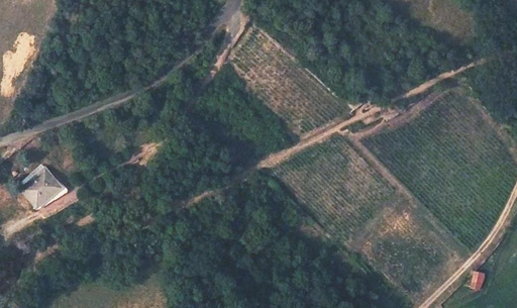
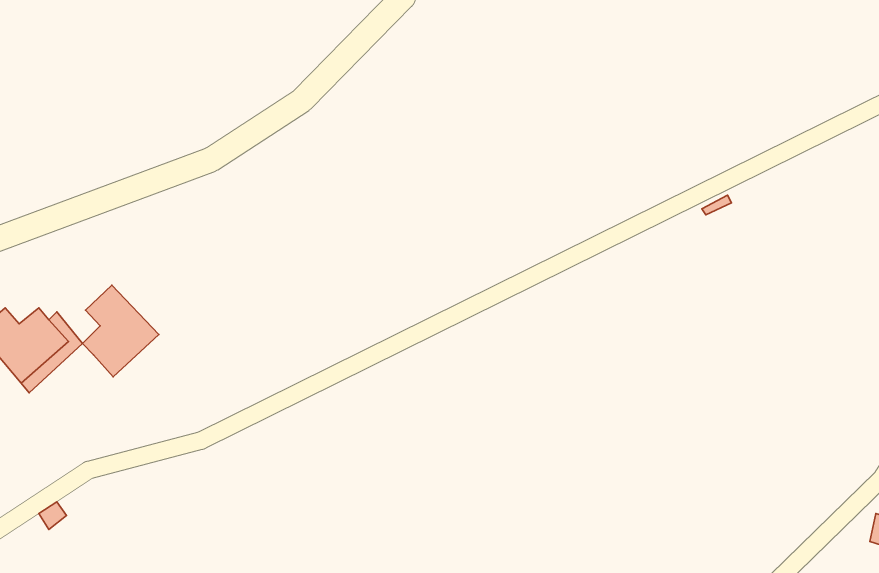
building: none -> [82,285,159,377]

